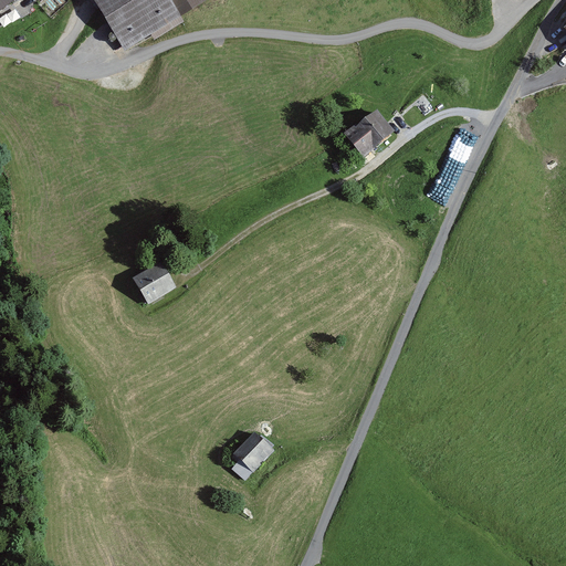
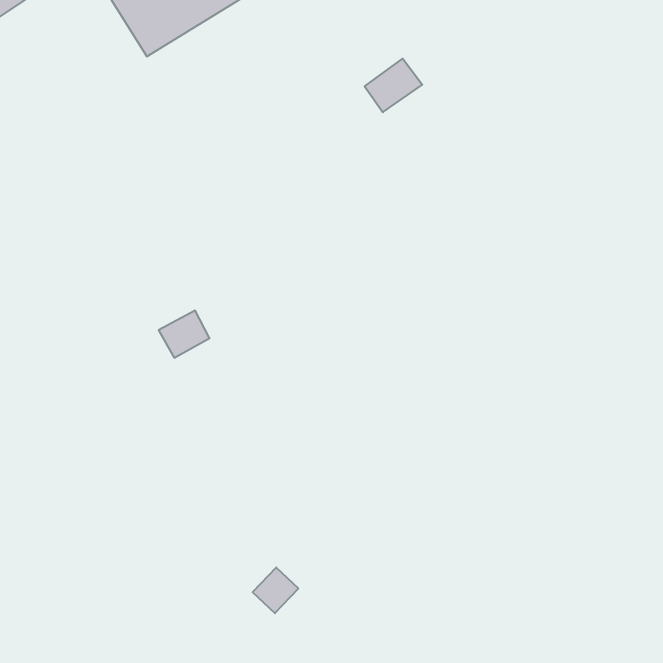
building: [345,108,394,154] -> [365,59,422,112]
building: [234,430,273,469] -> [253,567,298,613]

